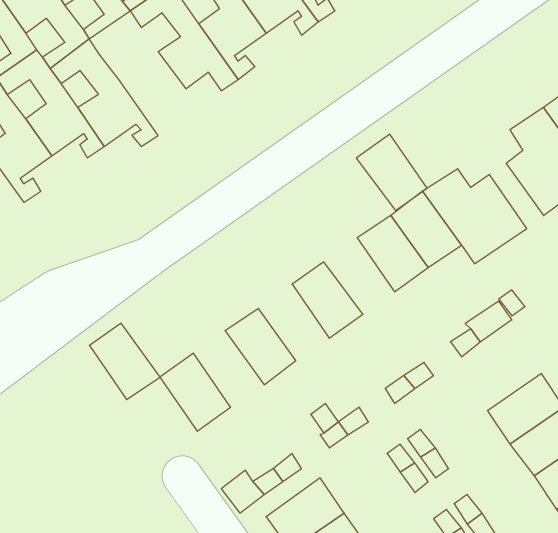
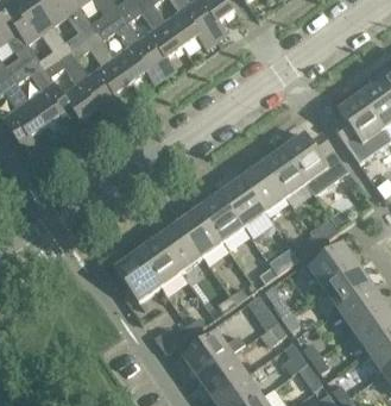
building: none -> [69,31,131,111]
building: [356,134,427,210] -> [219,176,264,225]
building: none -> [177,206,222,255]
building: [89,323,160,399] -> [135,236,181,285]
building: none -> [308,242,358,287]

